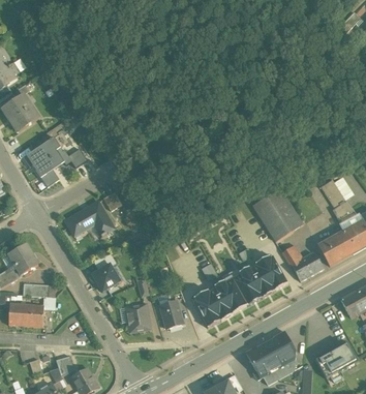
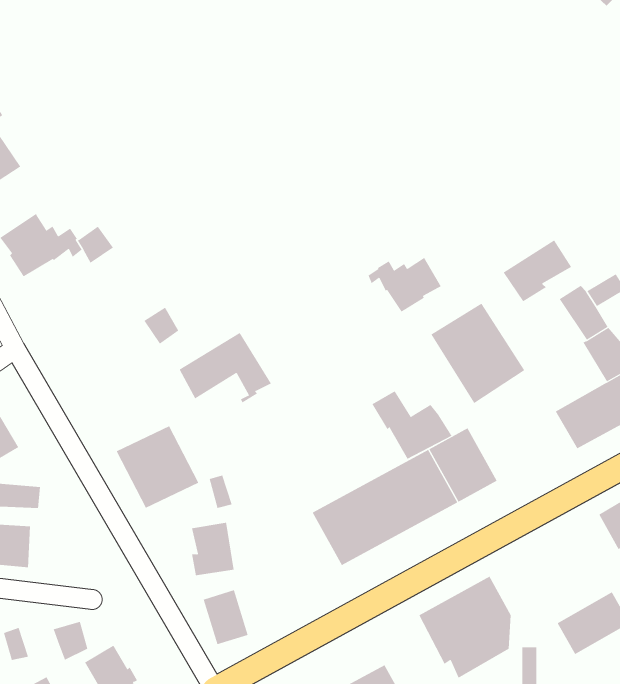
building: none -> [503,240,572,302]
building: none -> [368,253,442,313]
building: [65,201,114,238] -> [179,332,272,403]
building: [281,244,324,280] -> [371,390,453,460]
building: [159,299,183,328] -> [203,590,248,645]

